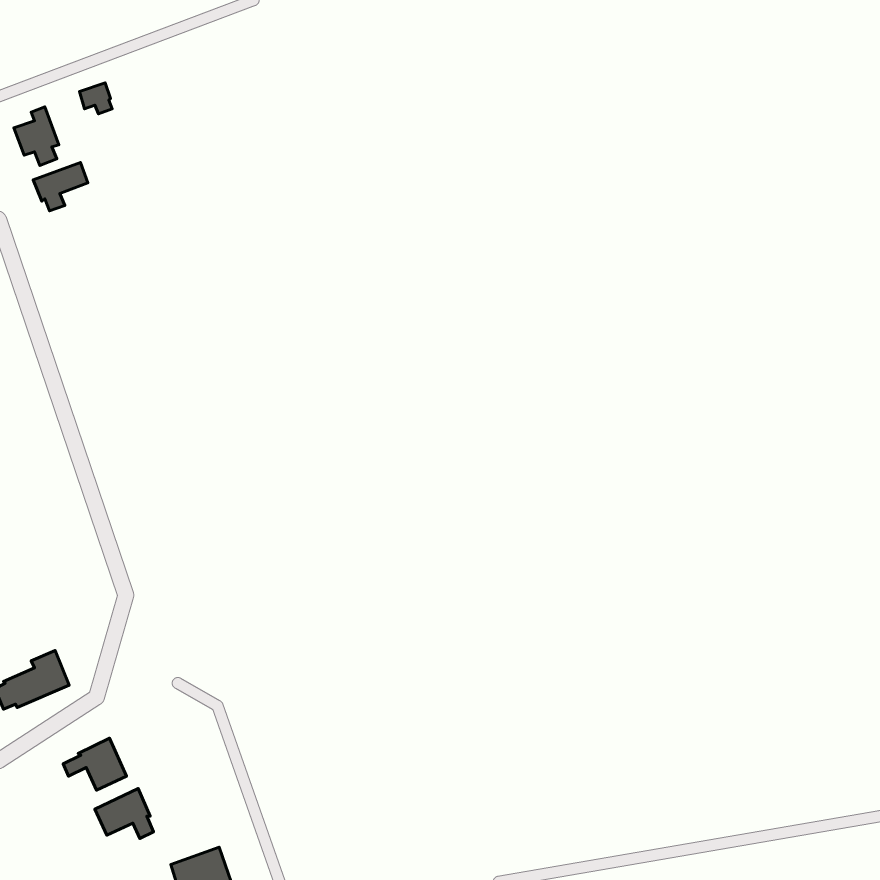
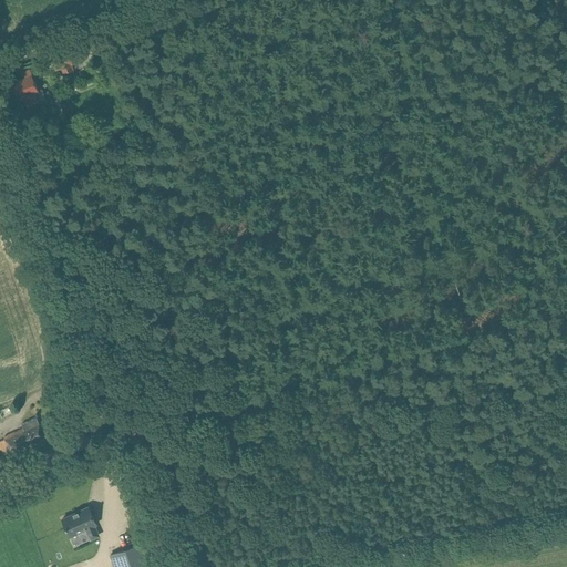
building: [33,163,88,211] -> none
building: [63,738,127,790] -> none

